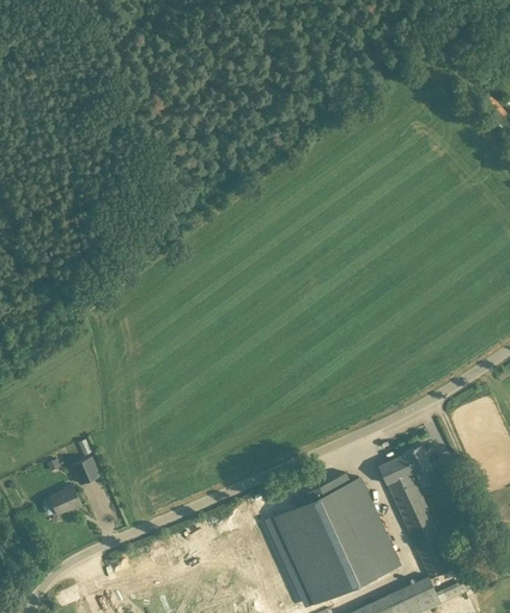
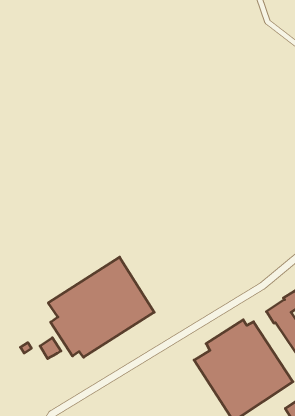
building: none -> [48,257,154,357]
building: [44,486,83,516] -> none

